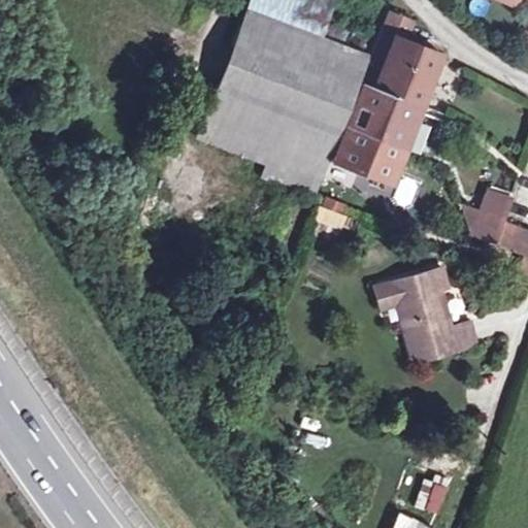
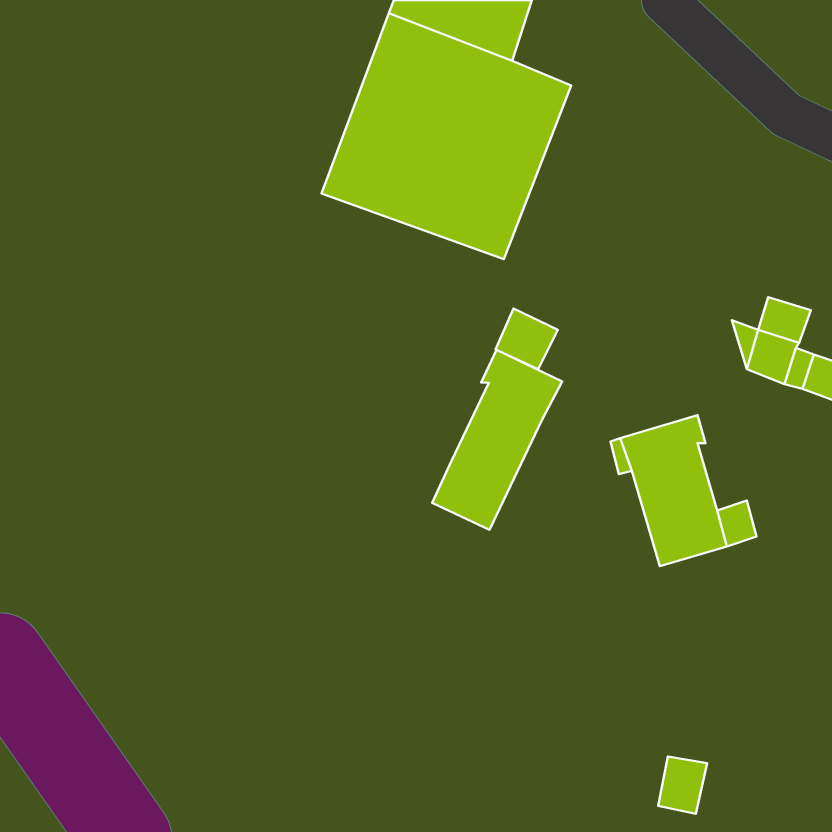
building: [335,15,443,185] -> none
building: [200,126,321,196] -> none
building: none -> [432,350,562,530]

